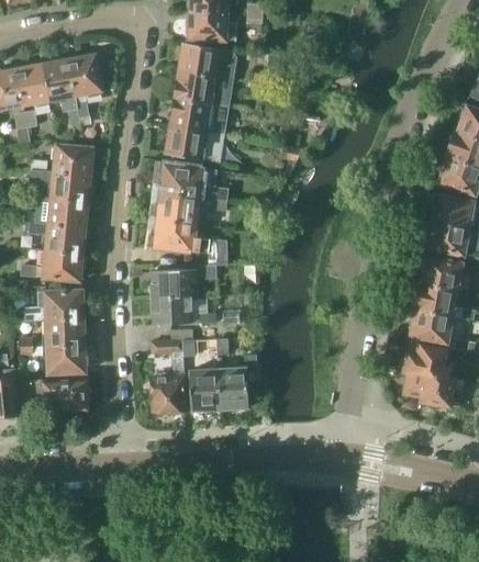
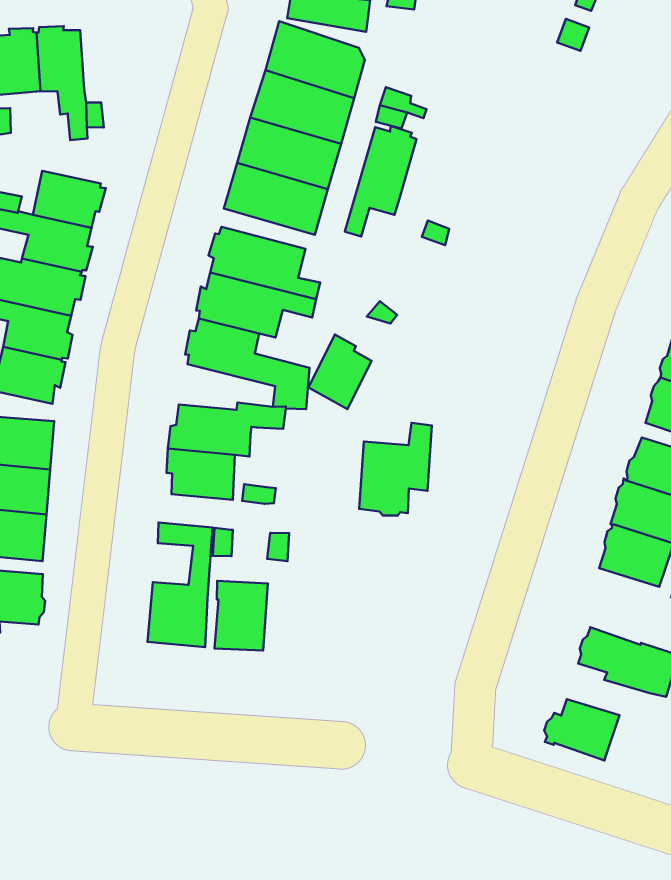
building: [69,53,104,94] -> none
building: none -> [345,126,417,237]
building: none -> [308,335,372,409]
building: [403,345,446,378] -> [544,699,620,761]
building: [219,355,259,411] -> [359,423,432,516]

